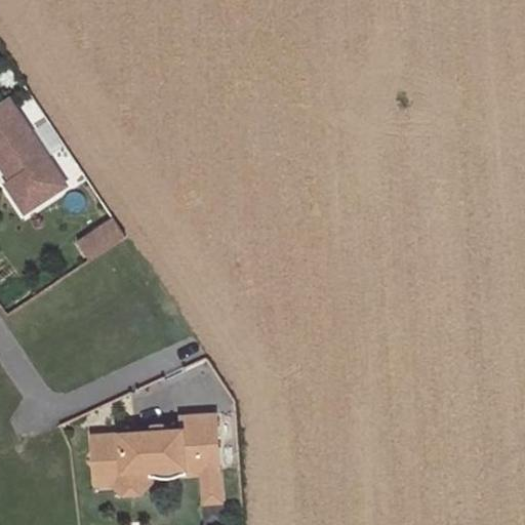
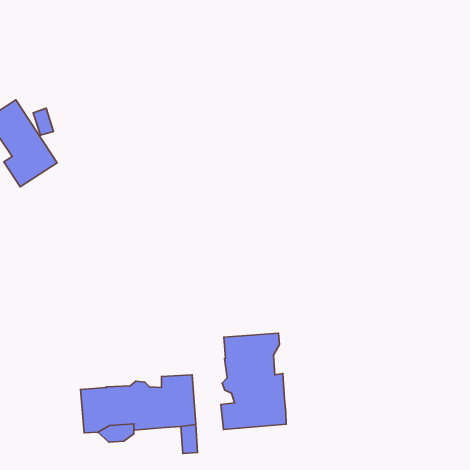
building: [78,217,124,258] -> none
building: none -> [221,333,286,429]

